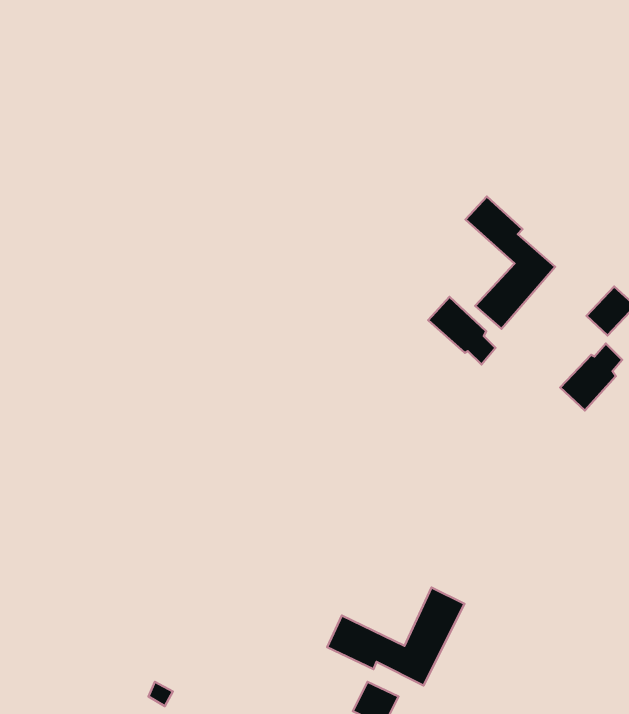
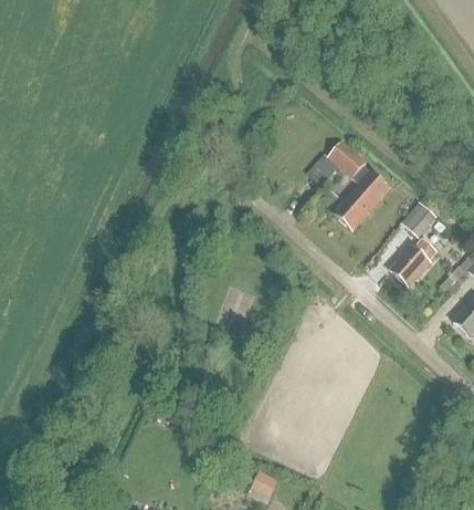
building: [428,297,496,364] -> none
building: [327,587,464,686] -> none

